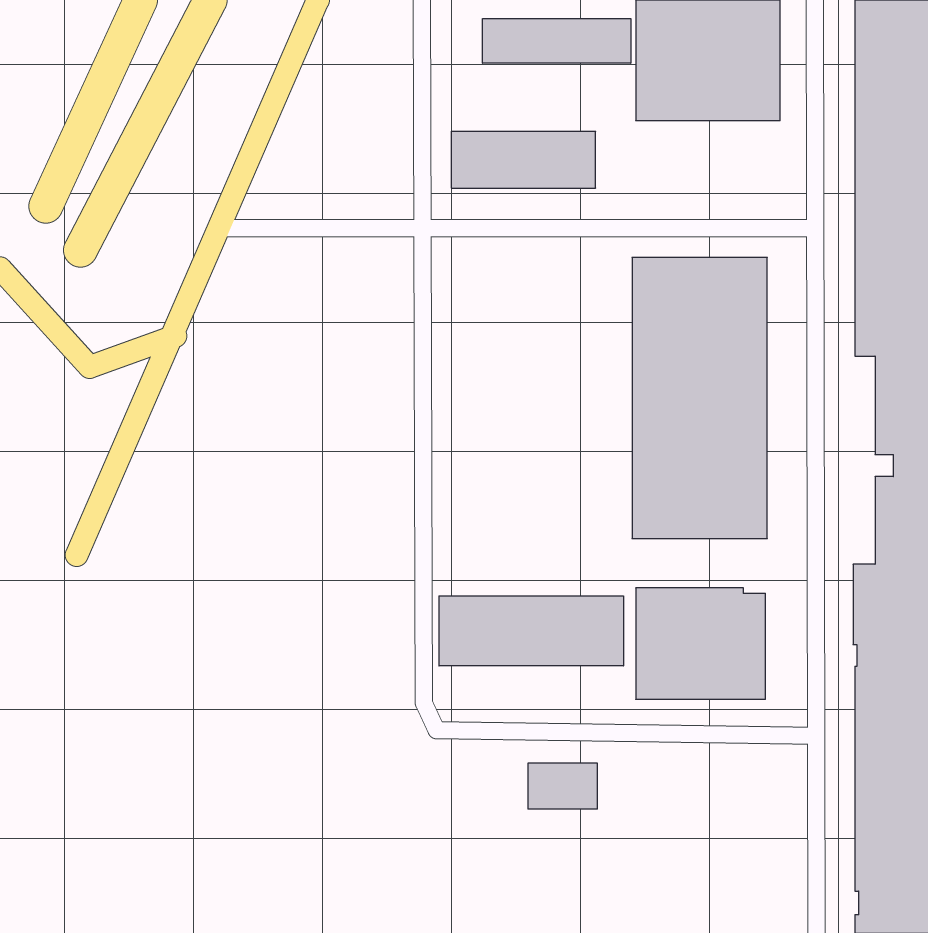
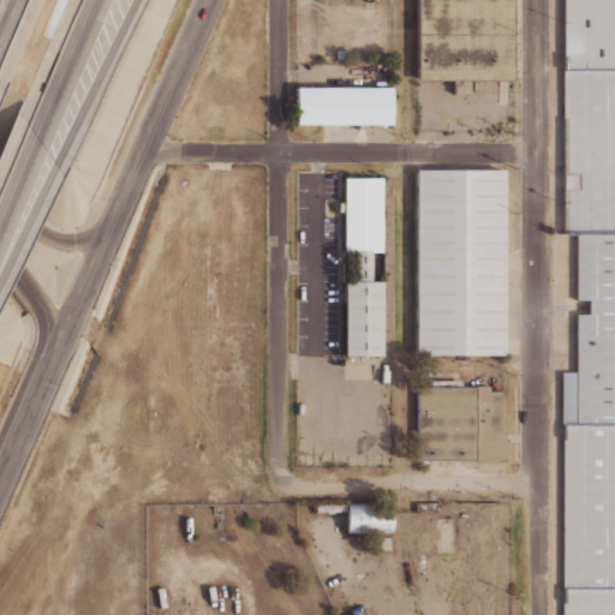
building: [483,19,631,63] -> none
building: none -> [347,178,386,356]
building: [439,596,623,666] -> none

